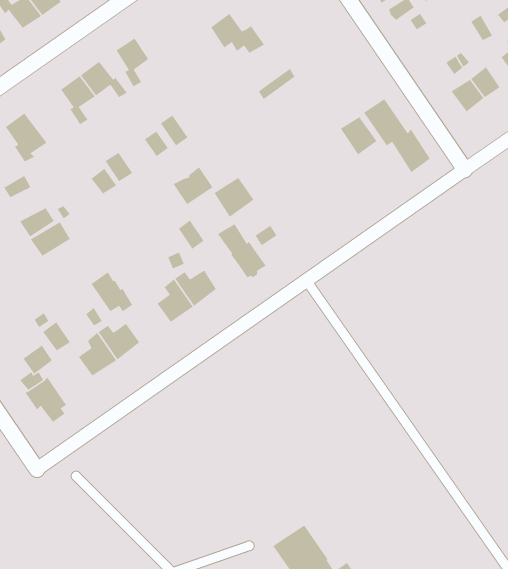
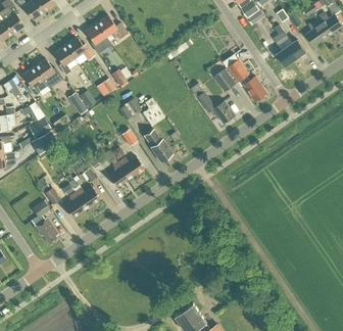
building: [210,13,265,54] -> [96,15,128,39]
building: none -> [33,58,61,87]
building: none -> [197,90,235,123]

